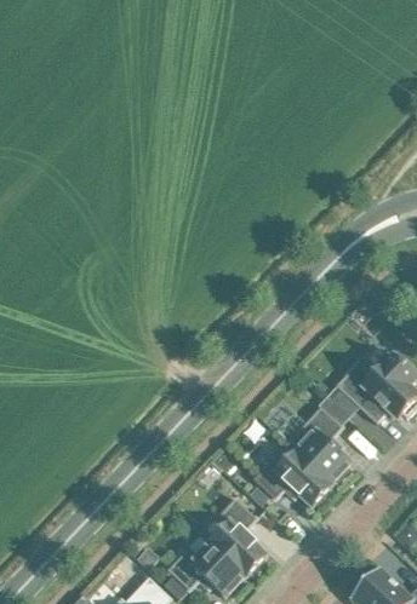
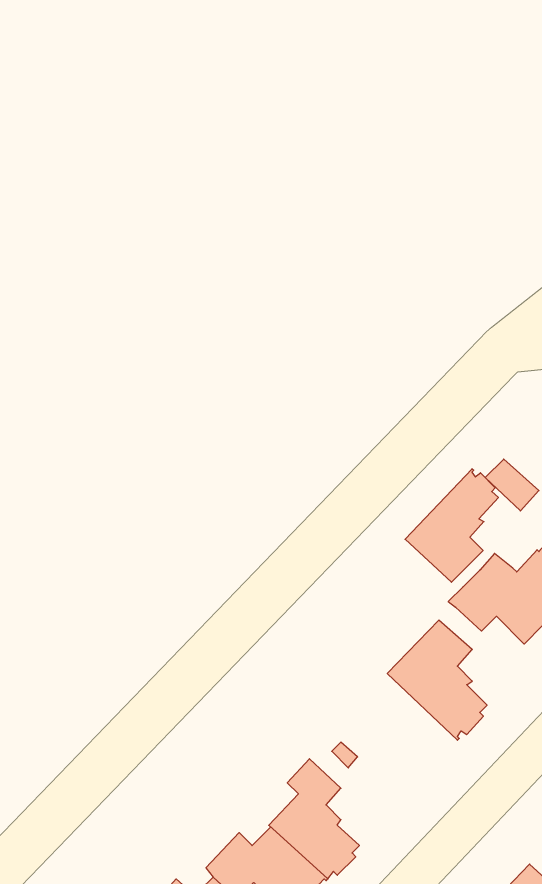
building: none -> [405,469,498,582]
building: [252,442,332,507] -> none

